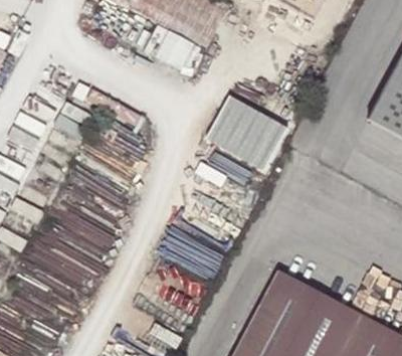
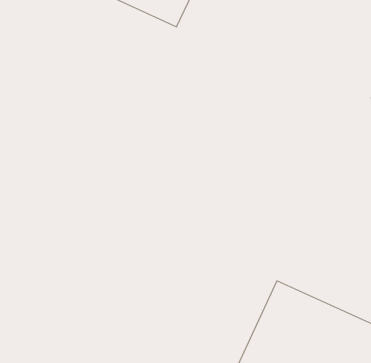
building: [202,96,287,178] -> none

